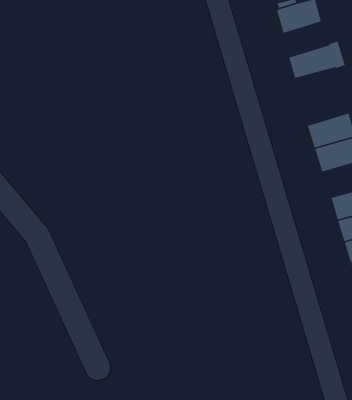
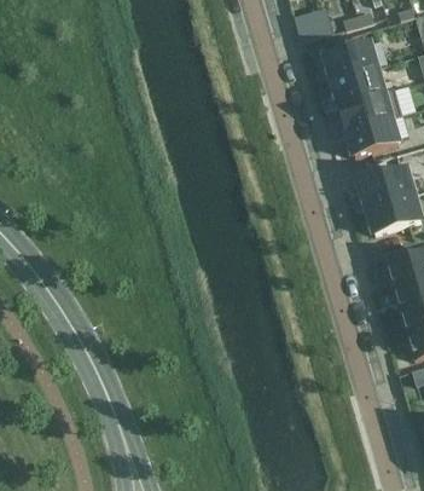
building: none -> [332,65,383,104]
building: none -> [347,116,399,155]

